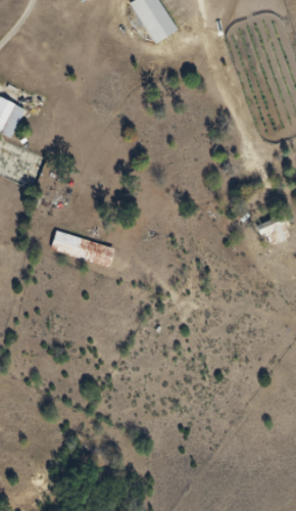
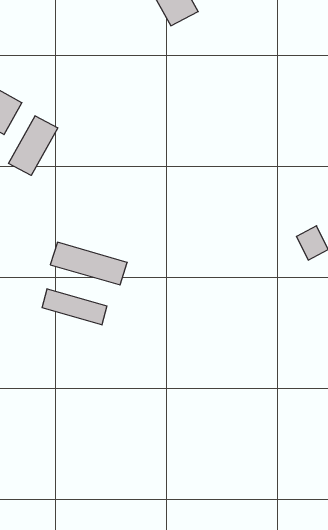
building: none -> [9,116,58,175]
building: none -> [42,289,107,325]

